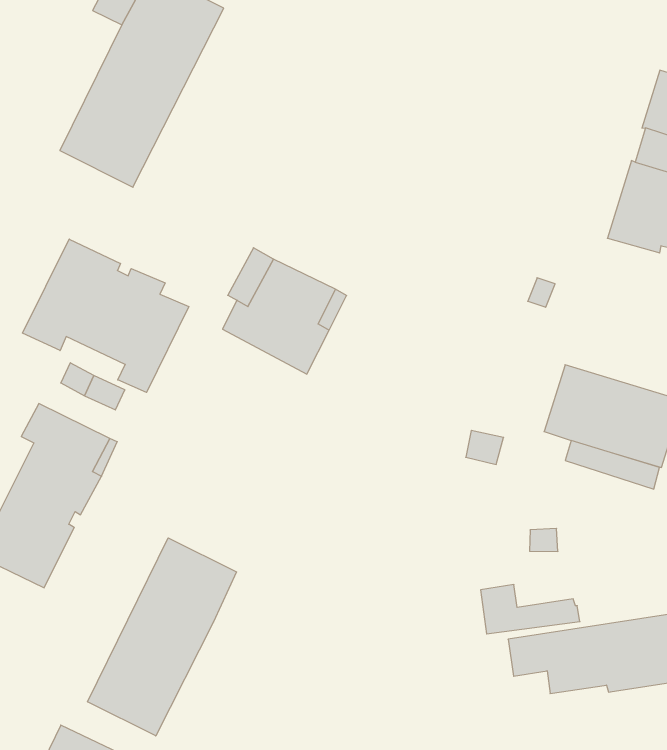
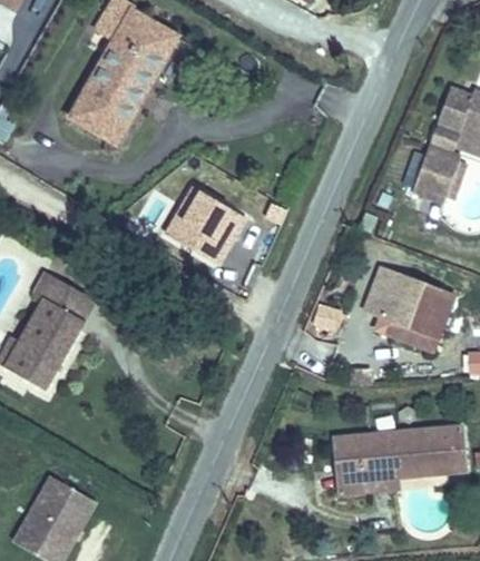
building: [23,239,189,392] -> none
building: [88,538,236,736] -> none
building: [481,585,580,634] -> [336,459,398,489]

